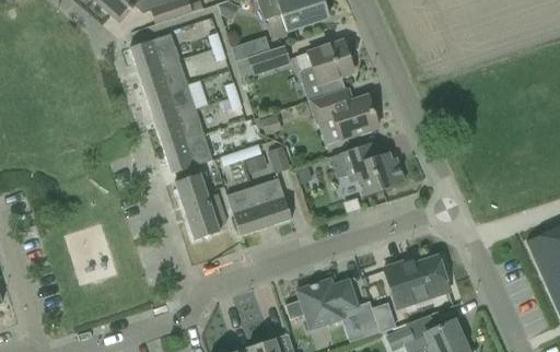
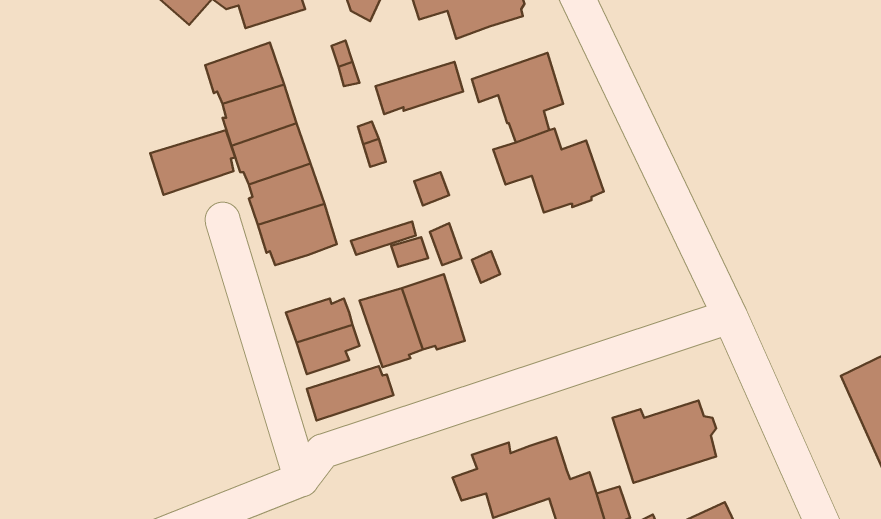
building: none -> [150,130,235,195]
building: [329,142,404,195] -> none
building: [173,173,207,201] -> none
building: none -> [307,366,393,421]

